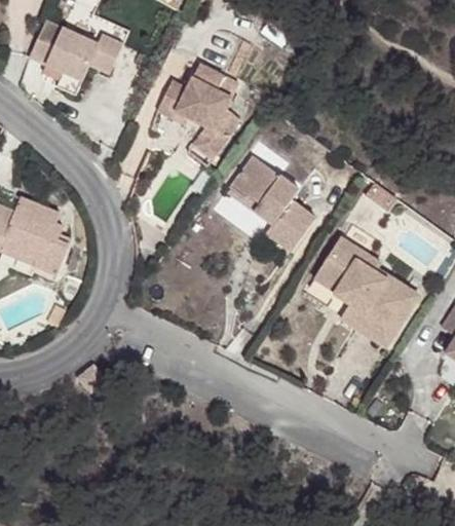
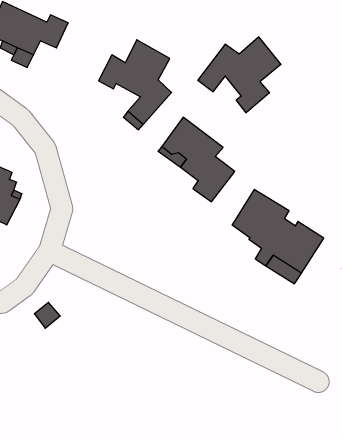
building: none -> [198,37,281,113]

